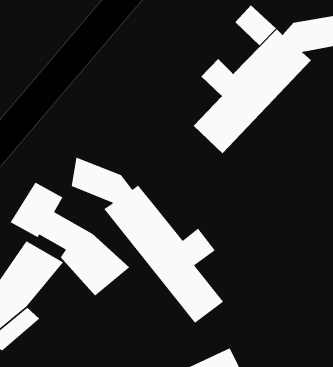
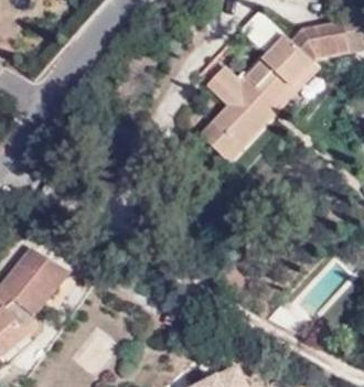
building: [71,157,224,324] -> none
building: [9,182,130,297] -> none

